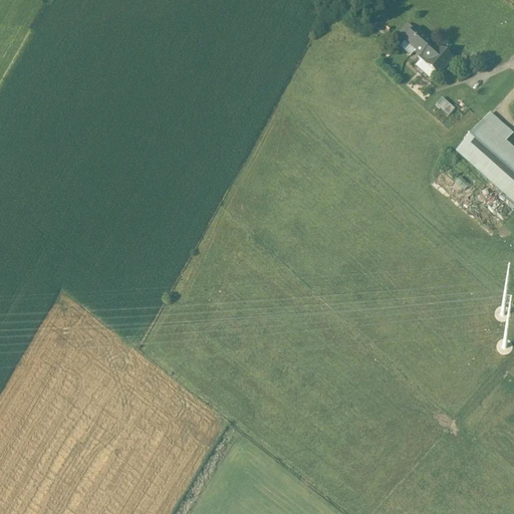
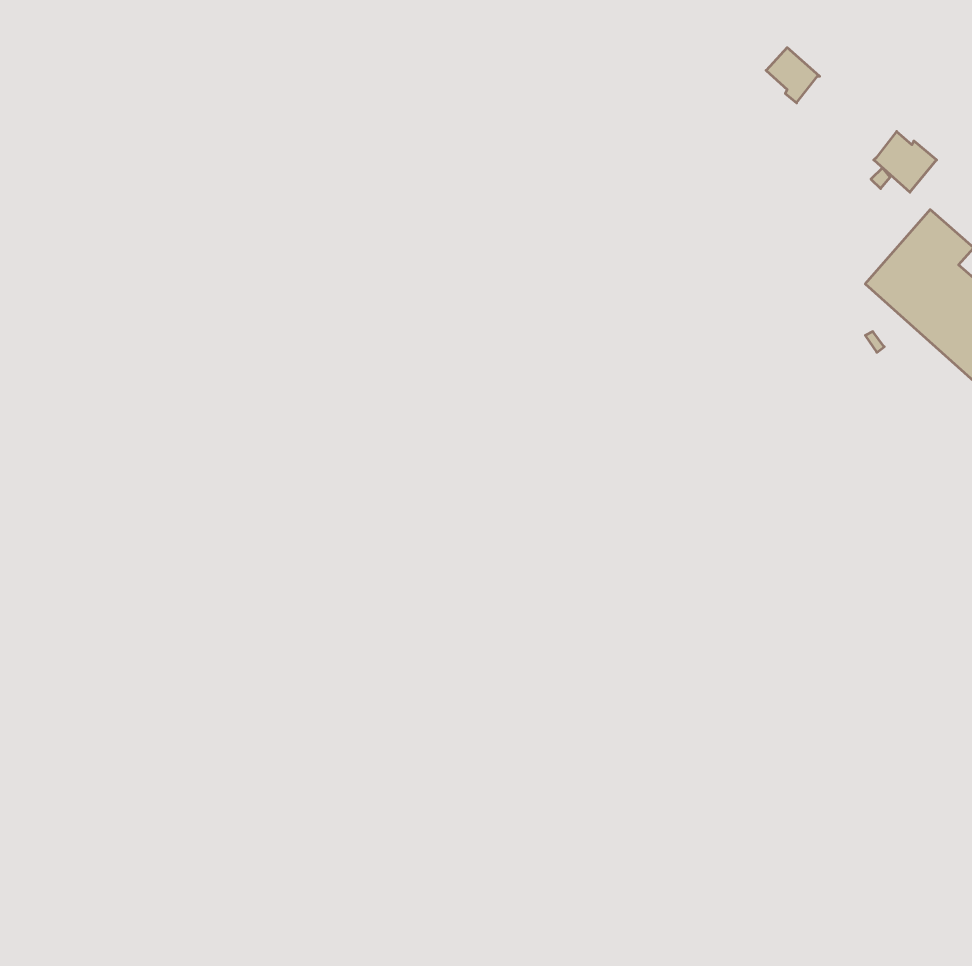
building: [420,40,453,72] -> [874,131,937,192]

